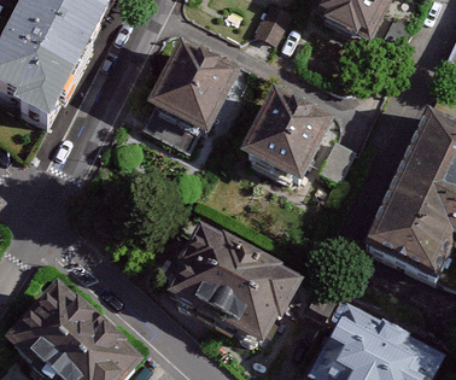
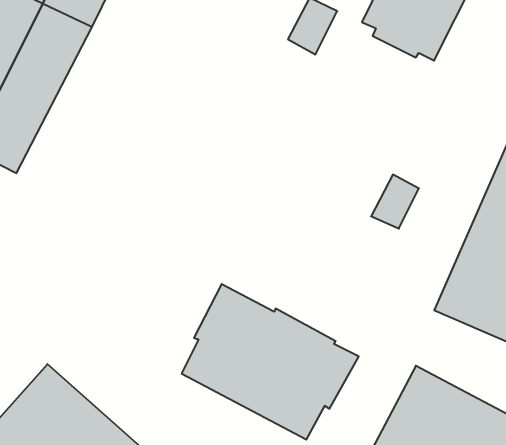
building: [142,46,238,144] -> none
building: [234,95,331,194] -> none

